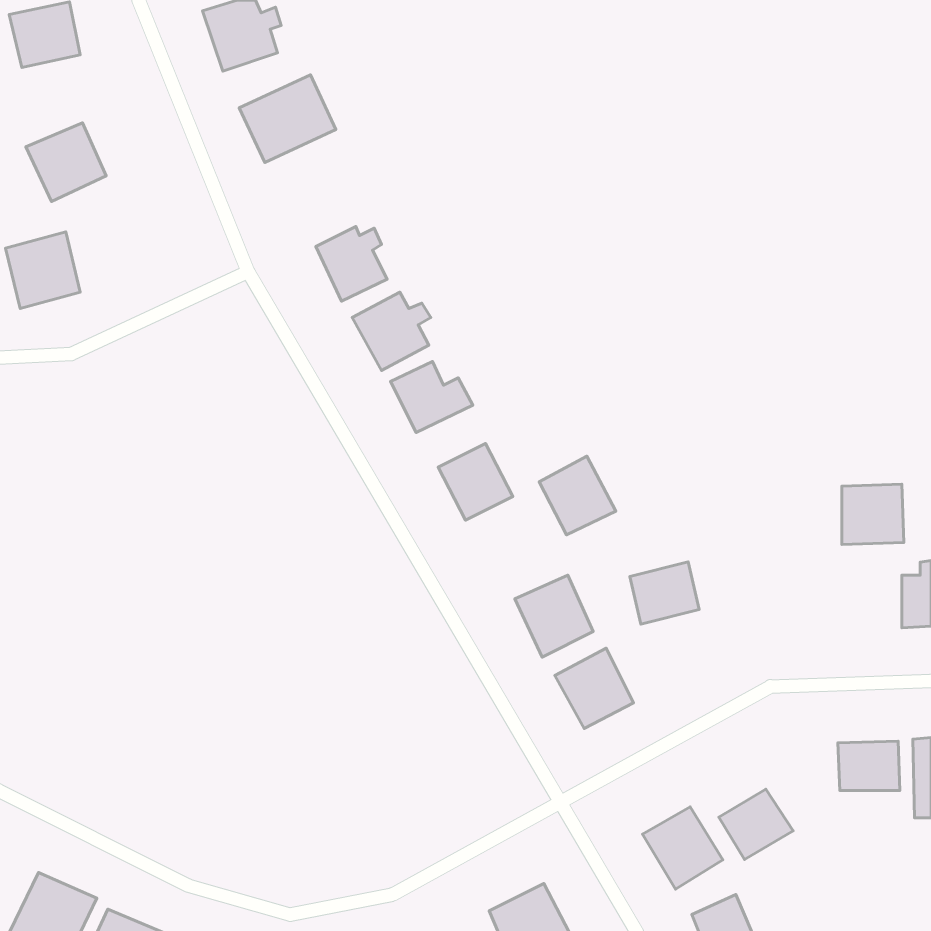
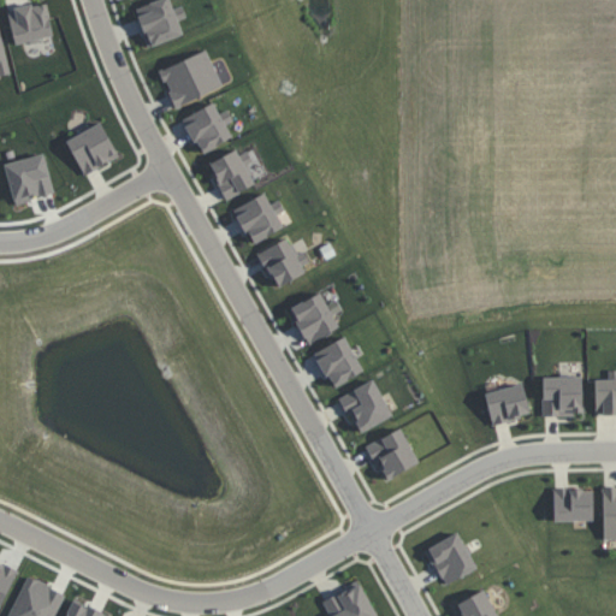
building: [26,123,106,201] -> [65,124,118,176]
building: none -> [180,103,233,155]
building: [539,456,616,535] -> [313,337,363,389]
building: [842,484,904,544] -> [541,377,582,416]
building: [630,562,699,624] -> [484,384,529,425]
building: [719,789,793,860] -> none

